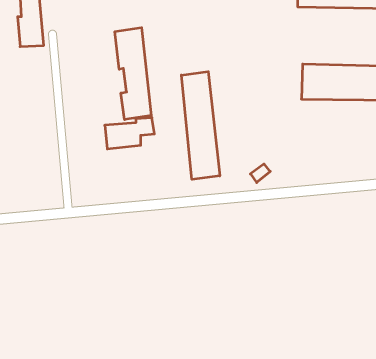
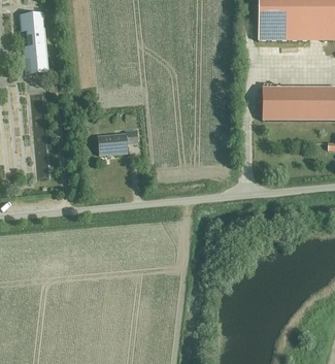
building: [115,28,151,120] -> none
building: [181,72,220,179] -> none

